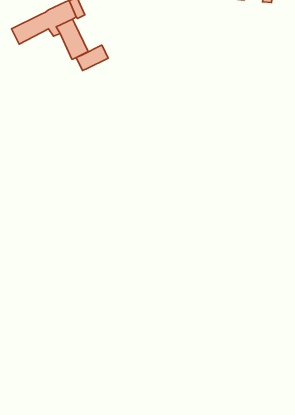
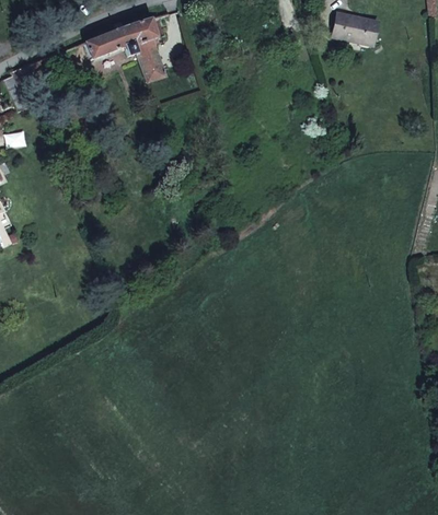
building: [76,45,108,71] -> none

